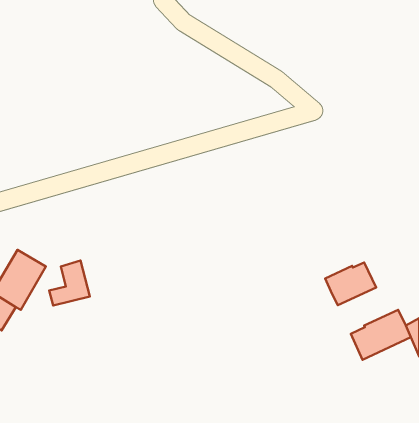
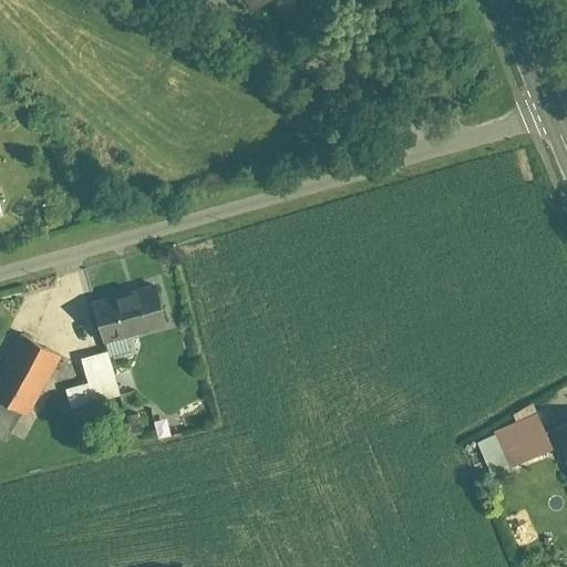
building: none -> [93,285,171,342]
building: [325,262,376,305] -> none

